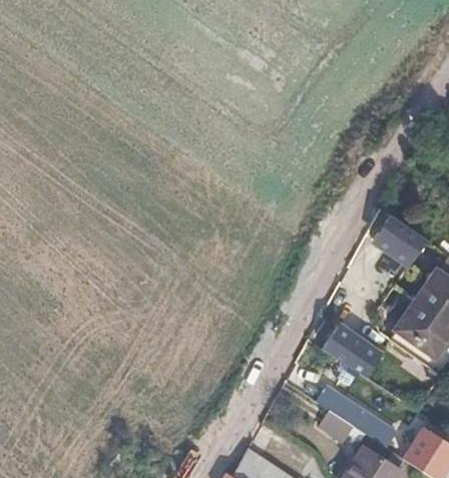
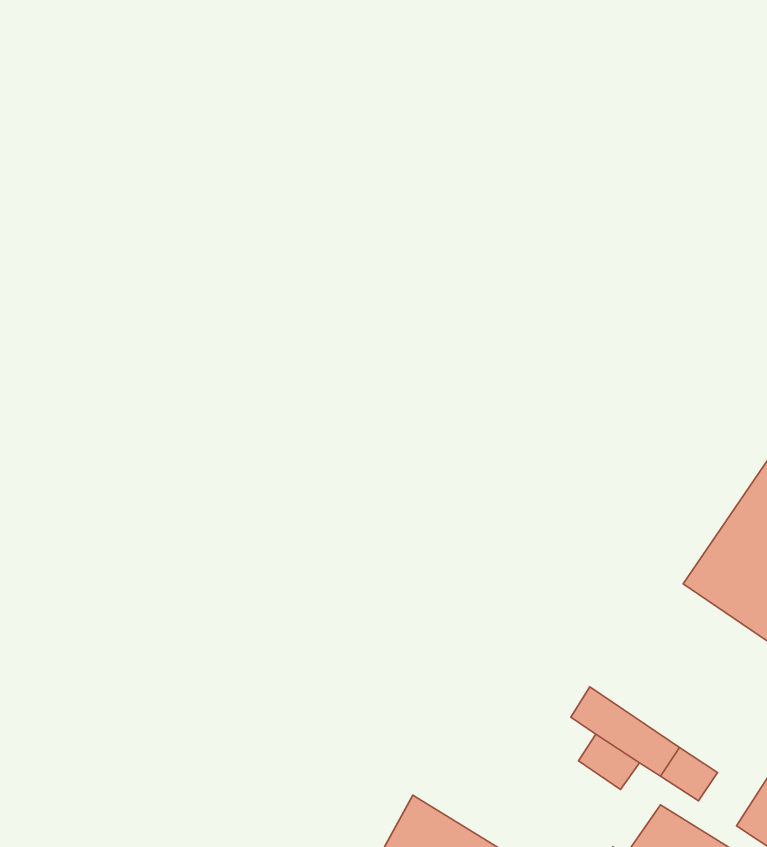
building: [362,208,418,260] -> none
building: [310,316,371,370] -> none

